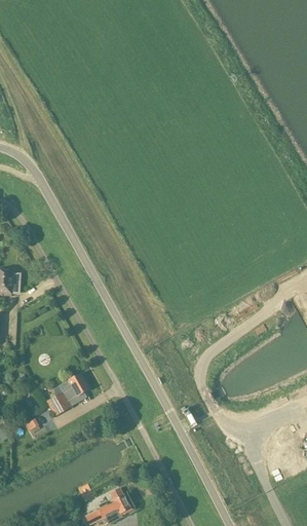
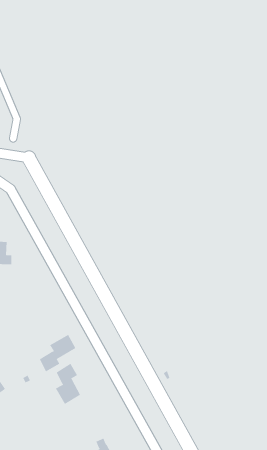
building: none -> [55,363,81,405]

